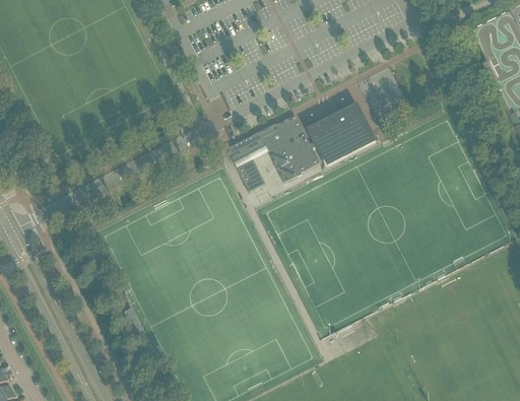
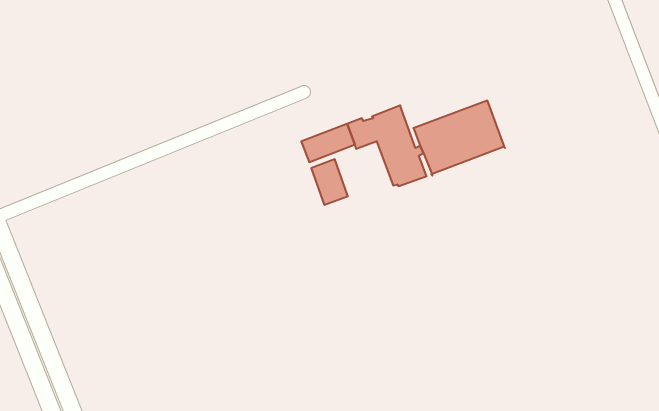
building: [267,141,298,182] -> none

